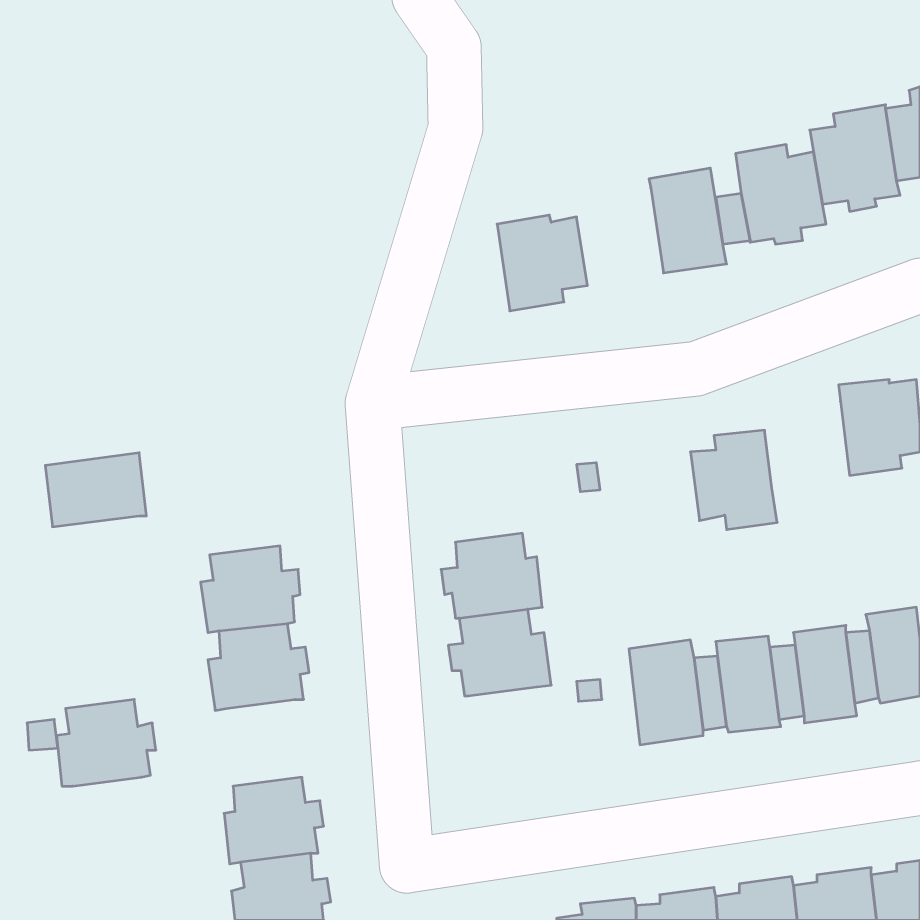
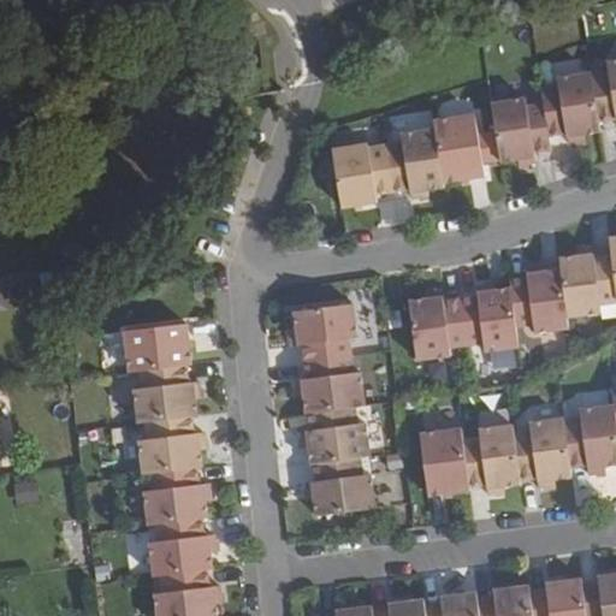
building: none -> [384,125,443,197]
building: none -> [508,267,568,332]
building: none -> [408,300,466,362]
building: [45,453,146,527] -> [124,321,191,371]
building: none -> [289,303,356,361]
building: none -> [304,457,373,515]
building: [56,699,156,786] -> [144,466,211,523]

